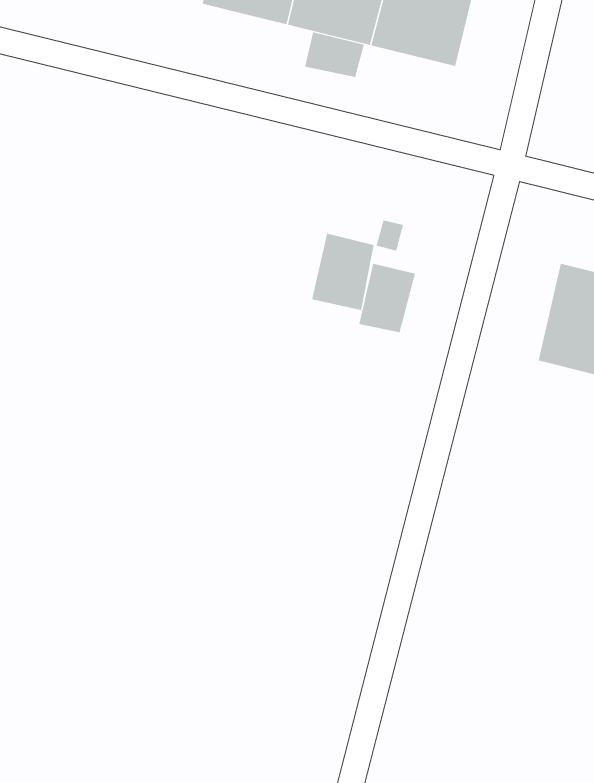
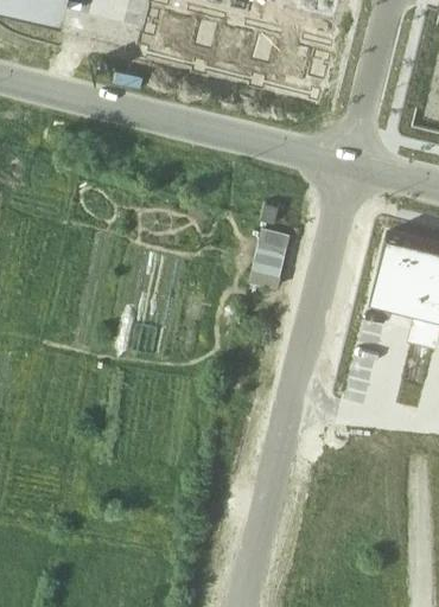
building: [304,31,364,78] -> none
building: [311,233,374,311] -> none

